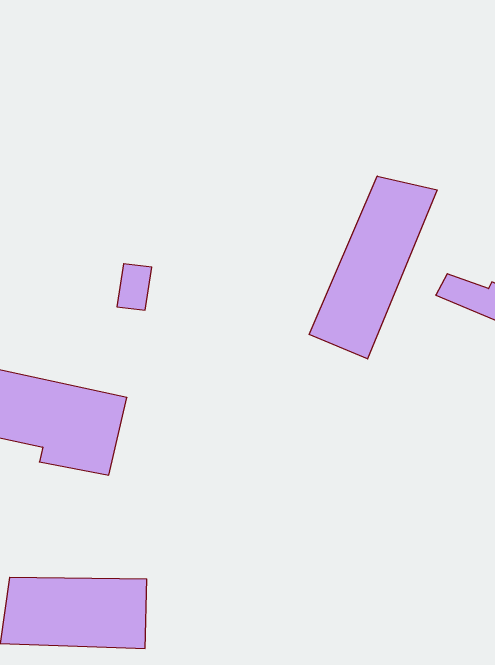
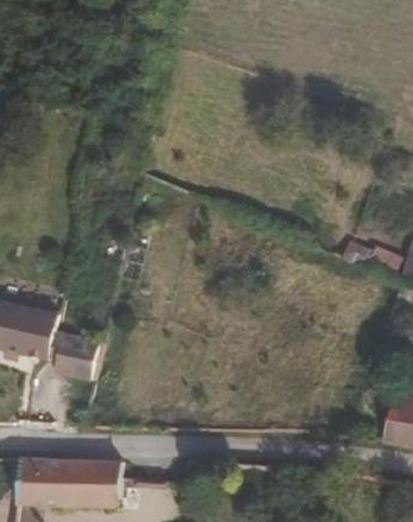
building: [309,176,437,359] -> none

